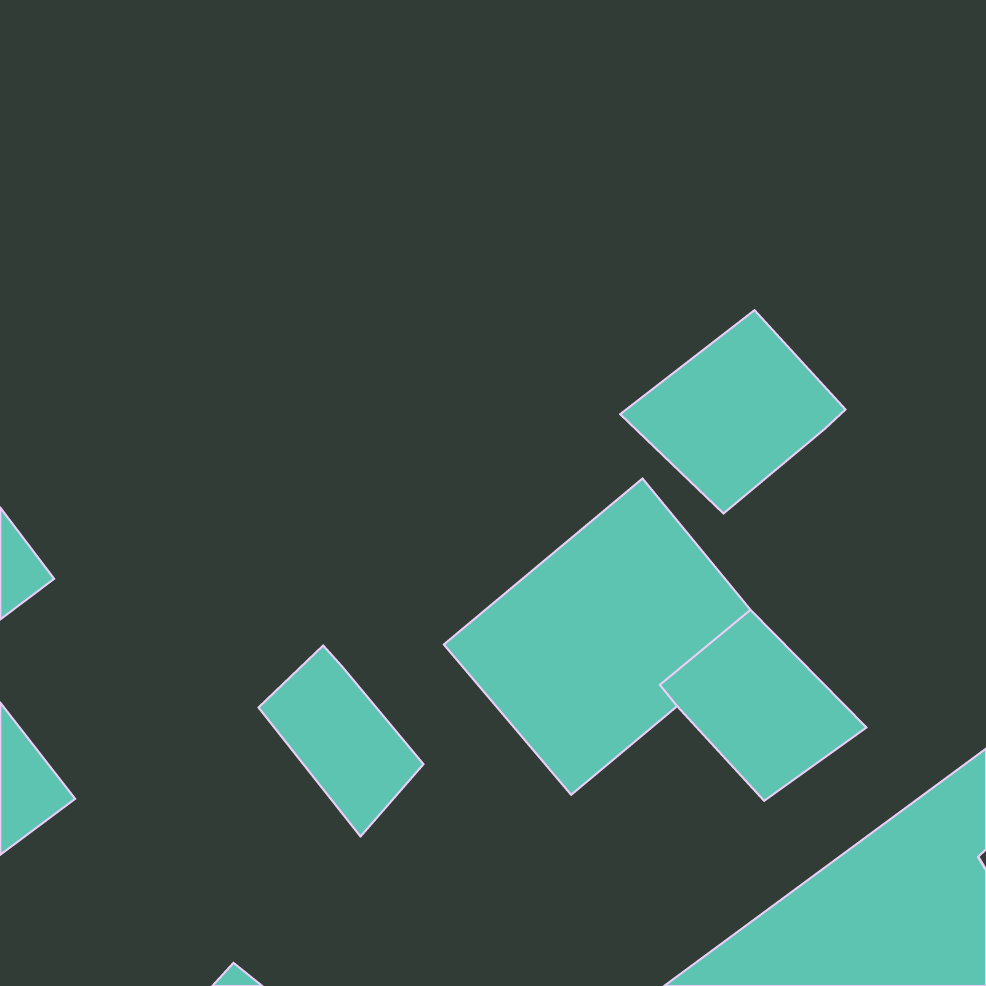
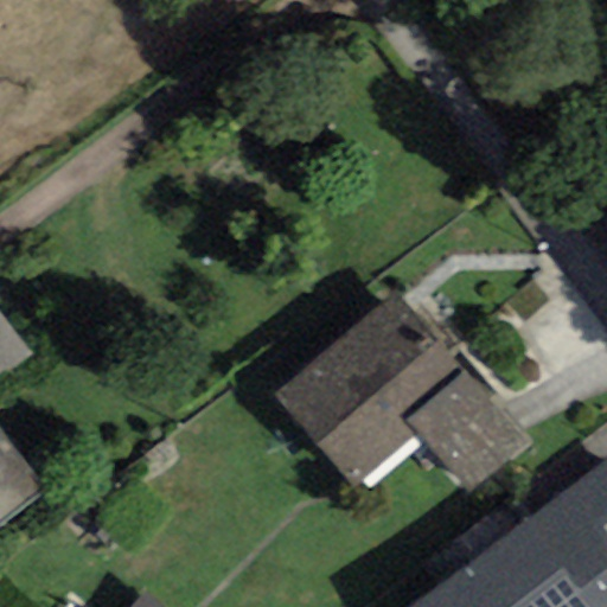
building: [620,310,845,514] -> none
building: [258,646,424,836] -> none

